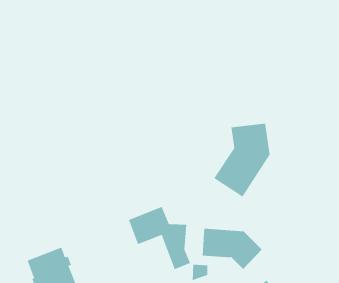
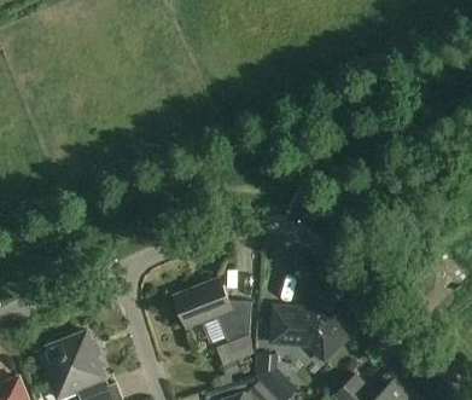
building: [214,123,270,197] -> none

